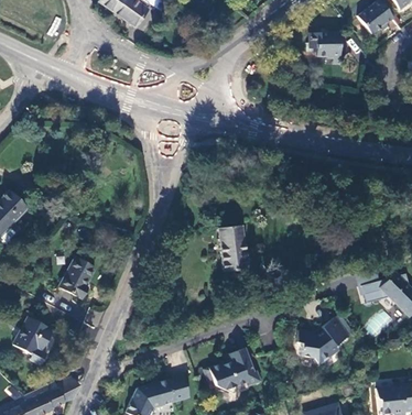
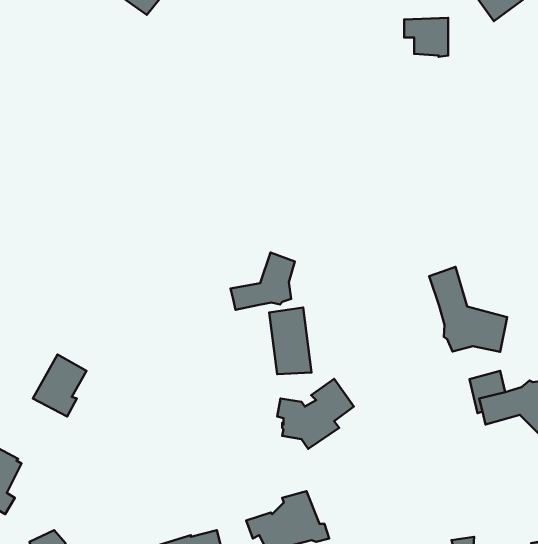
building: none -> [231,253,295,310]
building: none -> [429,267,507,352]
building: [295,318,347,365] -> [277,379,354,449]

